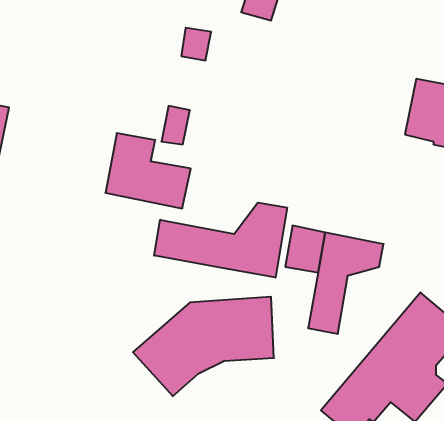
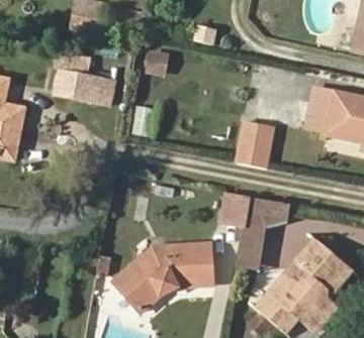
building: none -> [236,121,273,168]
building: [105,133,191,208] -> [55,52,115,106]
building: [154,203,287,278] -> none

